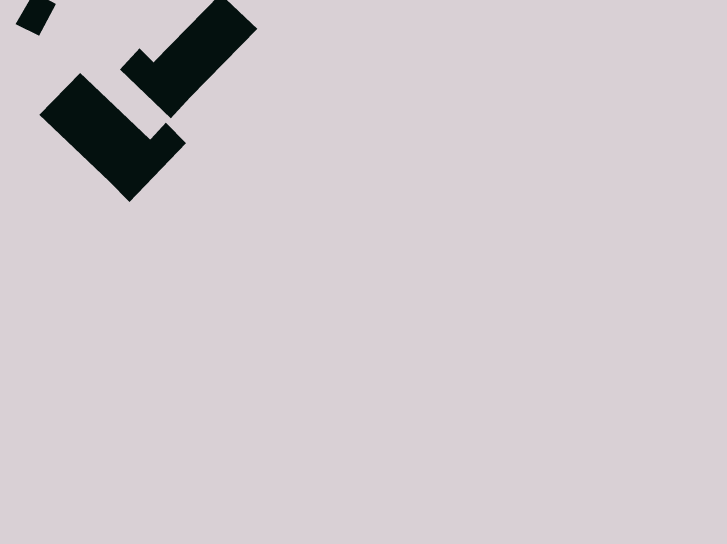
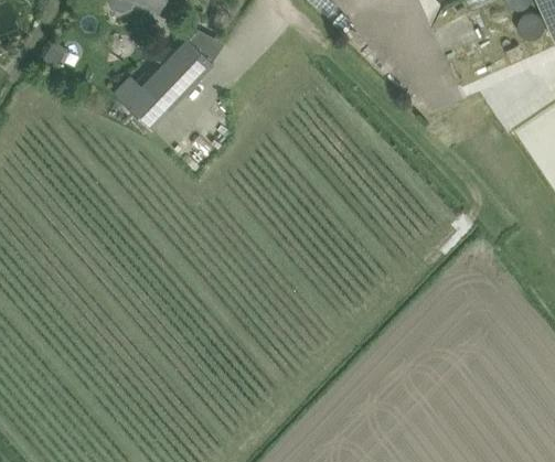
building: [38,72,187,203] -> none

